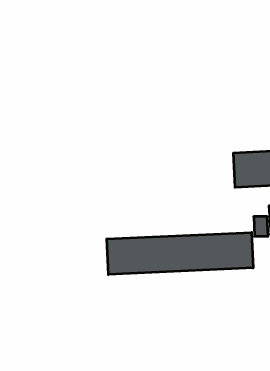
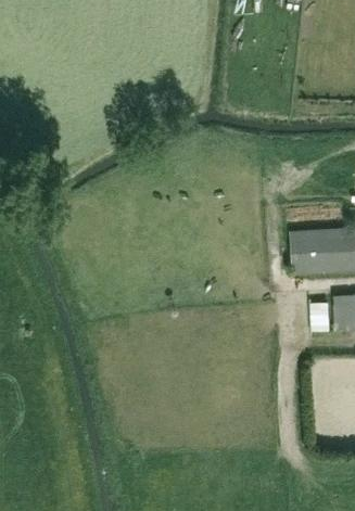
building: [107,232,253,275] -> none

